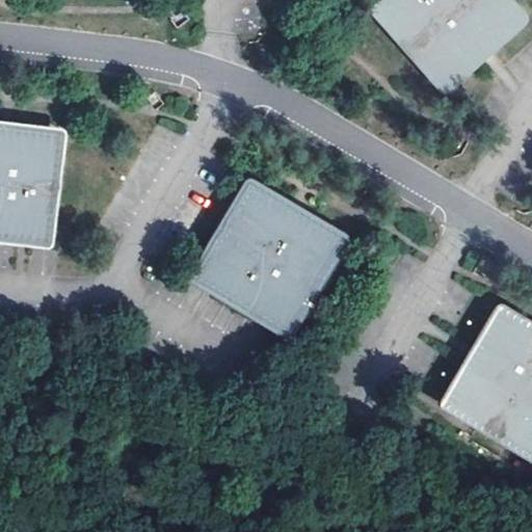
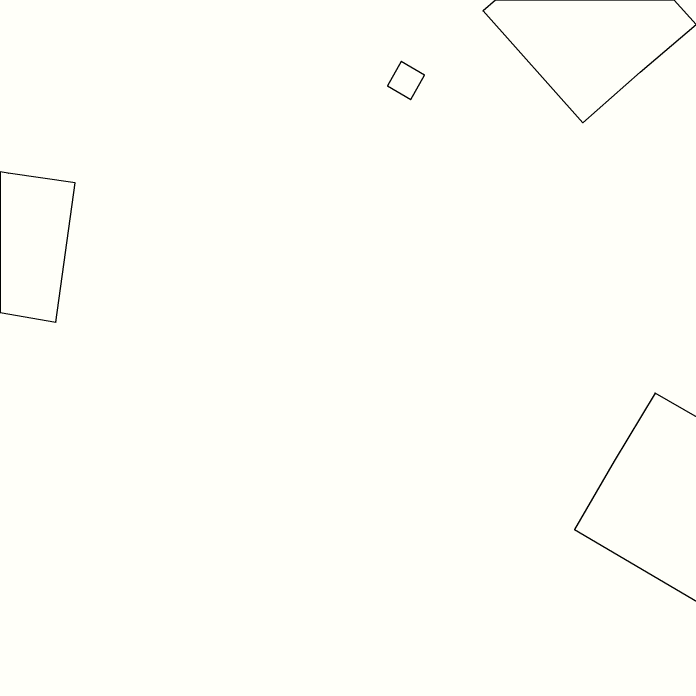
building: [190,179,347,335] -> none

